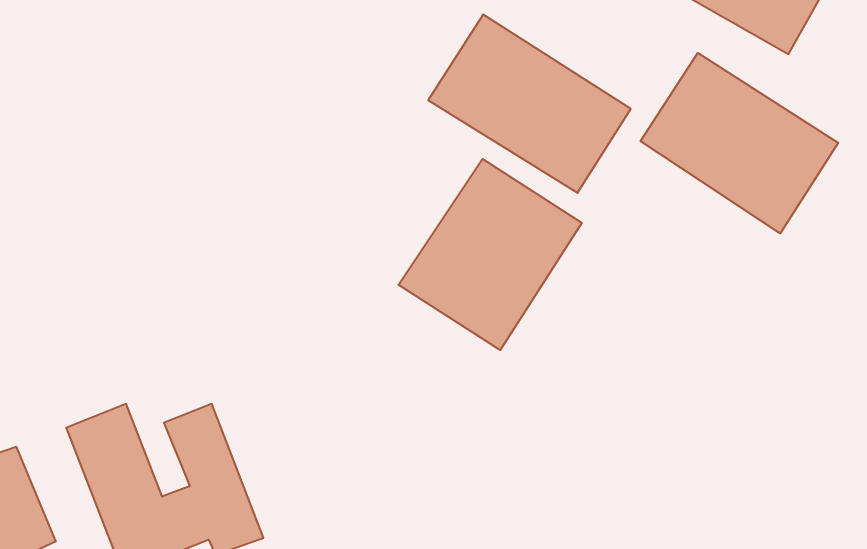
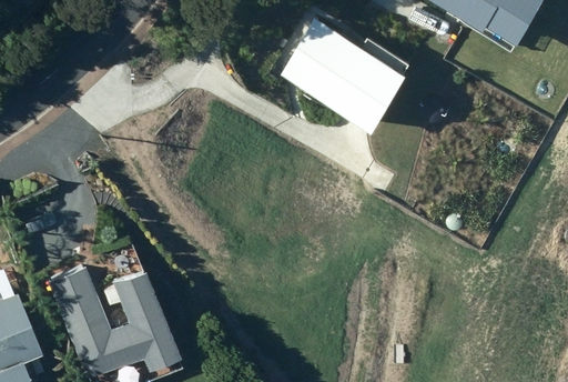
building: [641,53,838,233] -> none
building: [398,159,582,350] -> none

